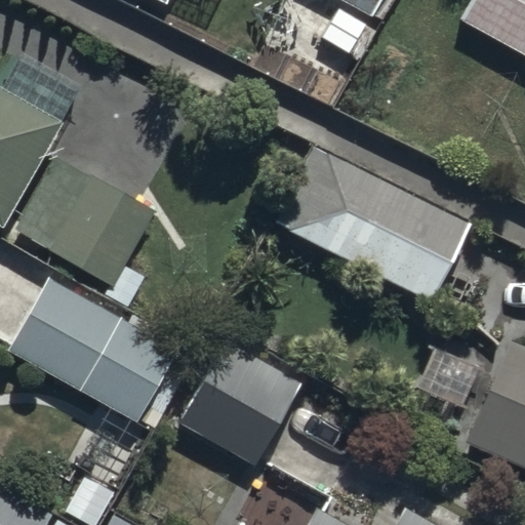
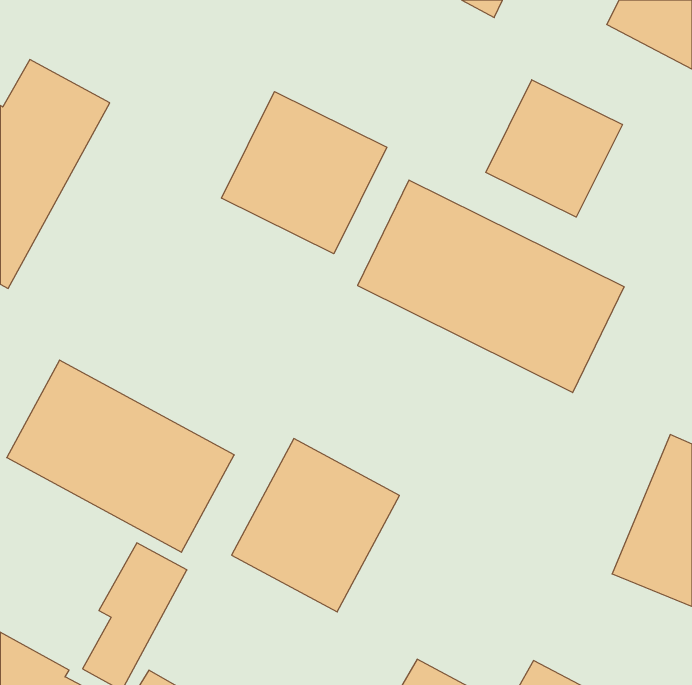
building: none -> [486,80,622,217]
building: none -> [222,92,387,254]
building: [12,154,155,285] -> none

